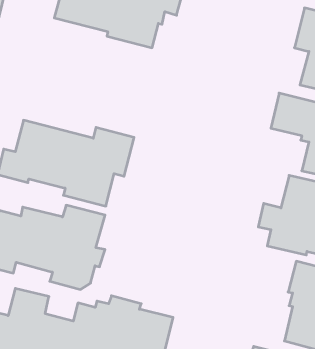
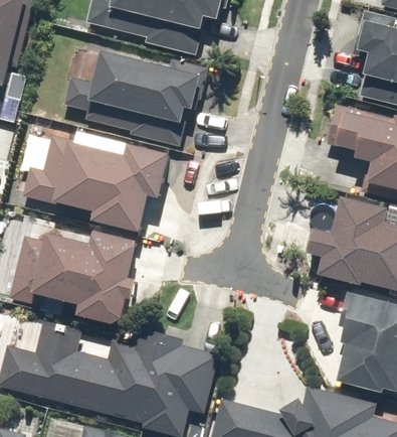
building: none -> [62,50,207,147]

